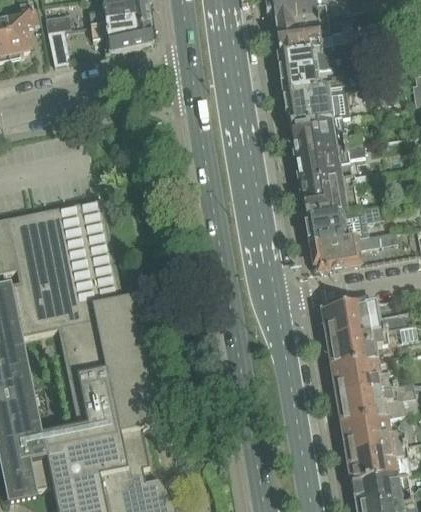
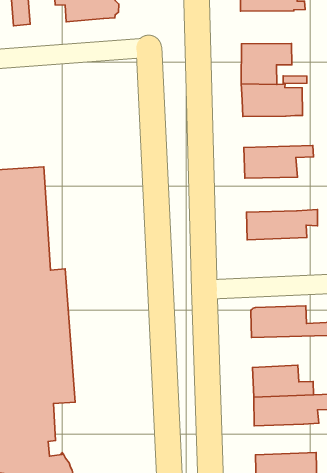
building: [274,15,340,54] -> none
building: [290,117,362,155] -> none
building: [300,174,370,218] -> none
building: [310,234,382,271] -> none
building: [327,331,388,369] -> none
building: [341,418,406,454] -> none

